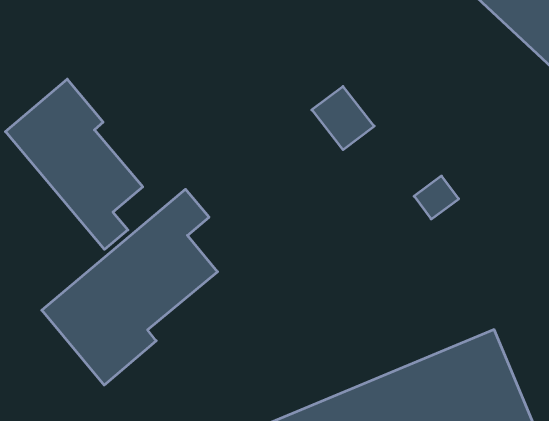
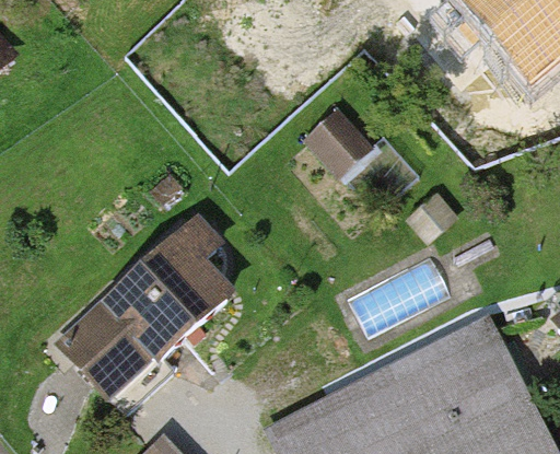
building: [5,79,143,249] -> none

